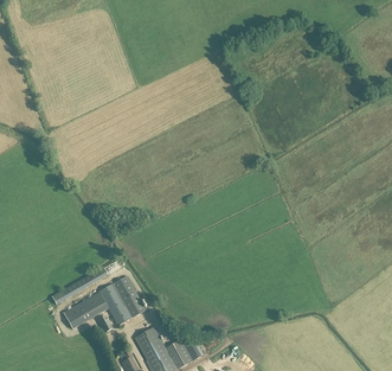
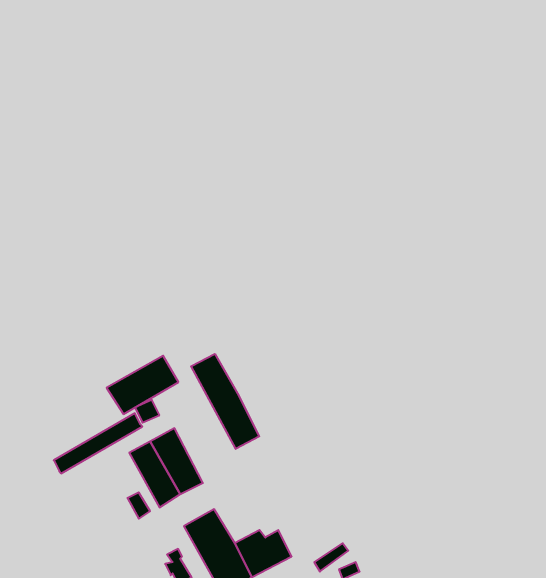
building: none -> [191,354,259,449]
building: [62,293,107,330] -> [107,356,178,414]

